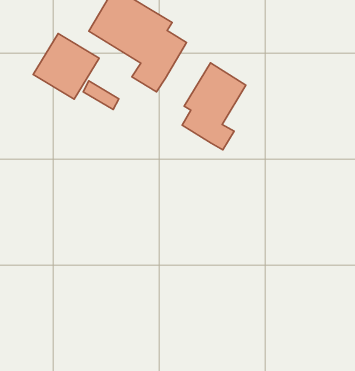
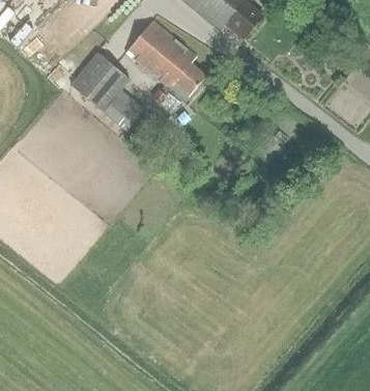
building: [182,63,246,150] -> none

